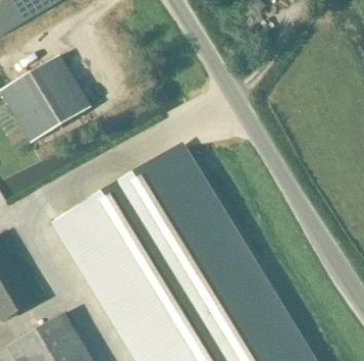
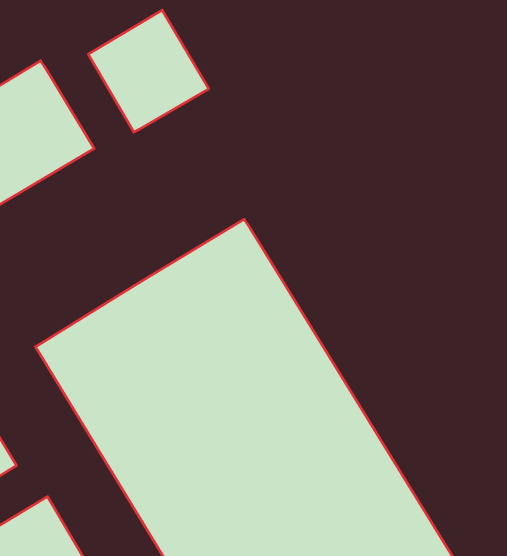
building: none -> [88,10,209,132]

